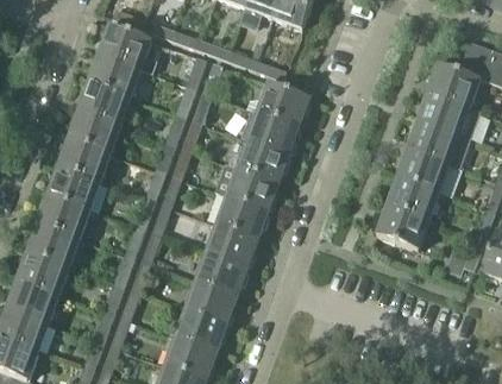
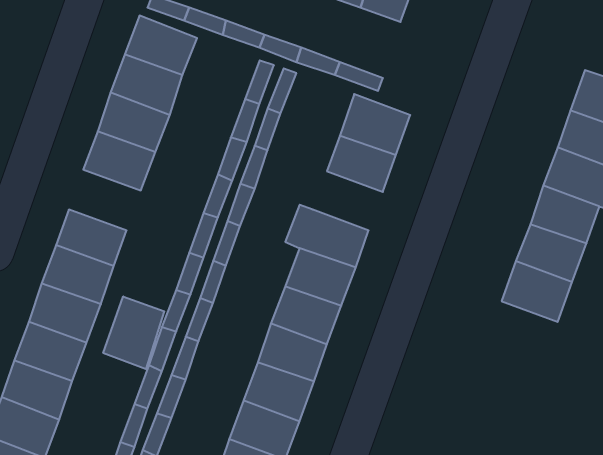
building: [55,137,108,182] -> none
building: [227,138,288,182] -> none
building: none -> [103,296,164,369]

